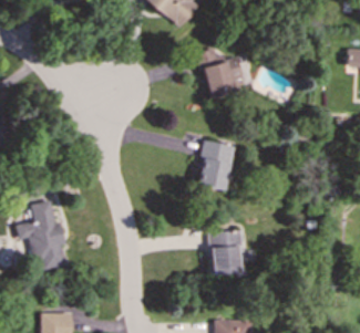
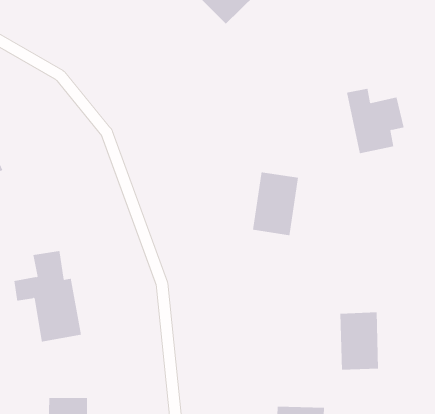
building: [198,48,243,97] -> [346,88,404,154]
building: [210,230,240,274] -> [340,312,379,370]

